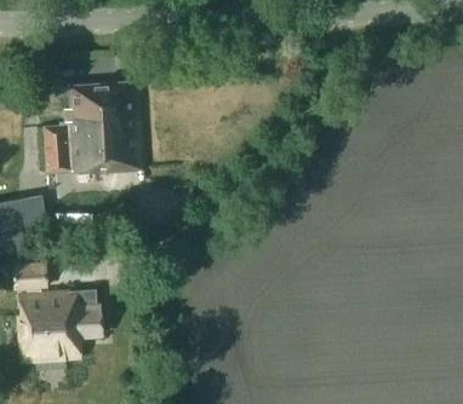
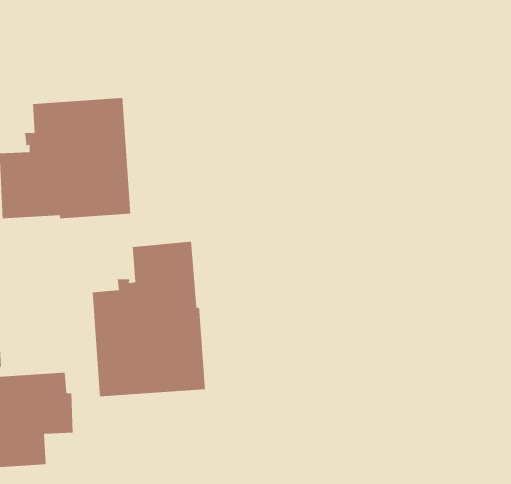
building: none -> [92,241,205,397]

